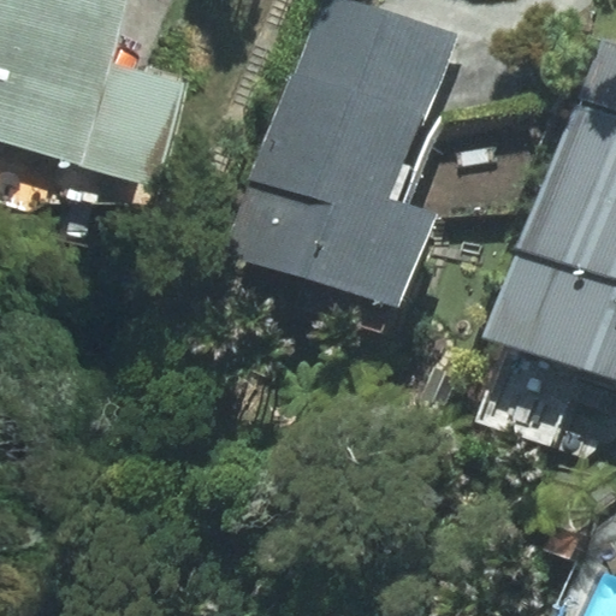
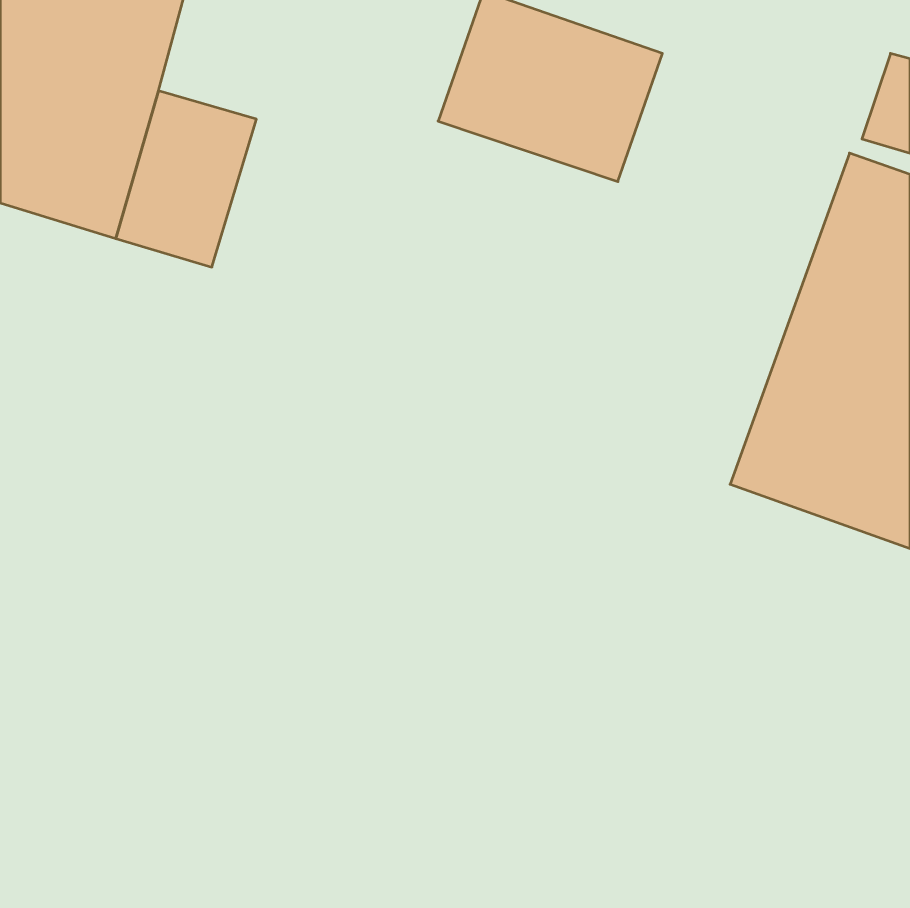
building: [238,82,438,313] -> none

